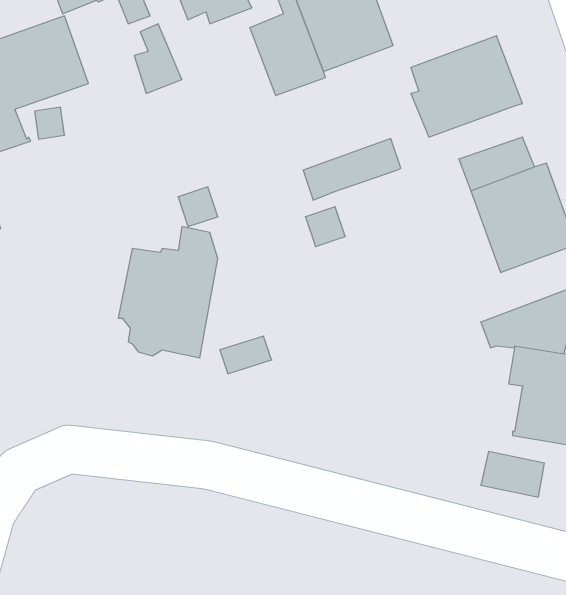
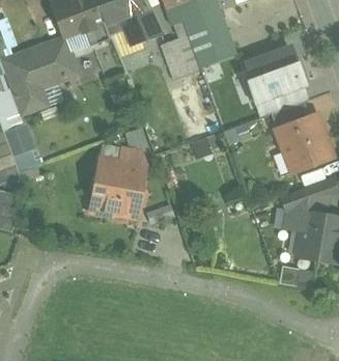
building: [303,138,401,200] -> [255,85,306,117]

